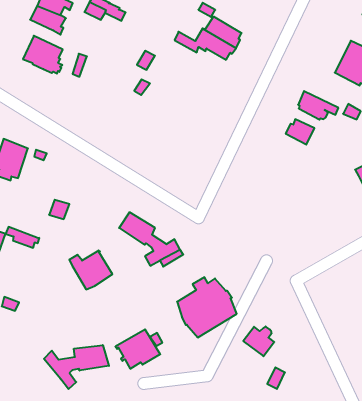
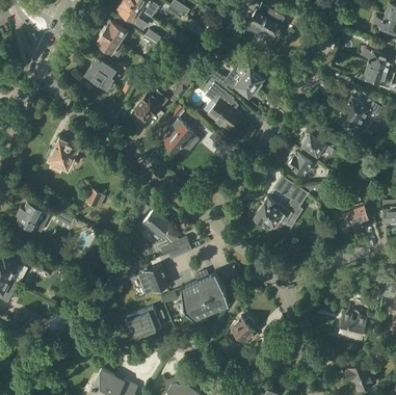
building: none -> [205,84,240,131]
building: none -> [134,91,167,124]
building: none -> [165,118,199,158]
building: none -> [254,184,307,229]
building: [69,250,112,289] -> [135,265,168,295]
building: [44,345,109,389] -> none

